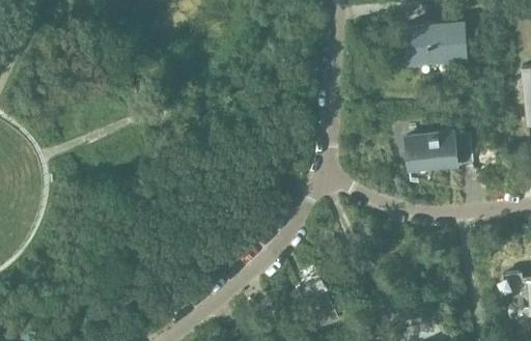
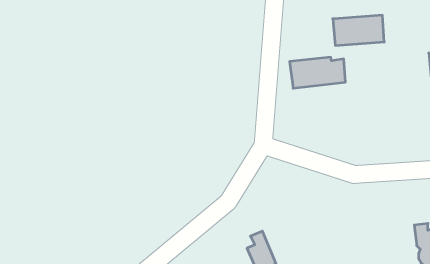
building: [406,133,473,170] -> [290,57,345,88]

